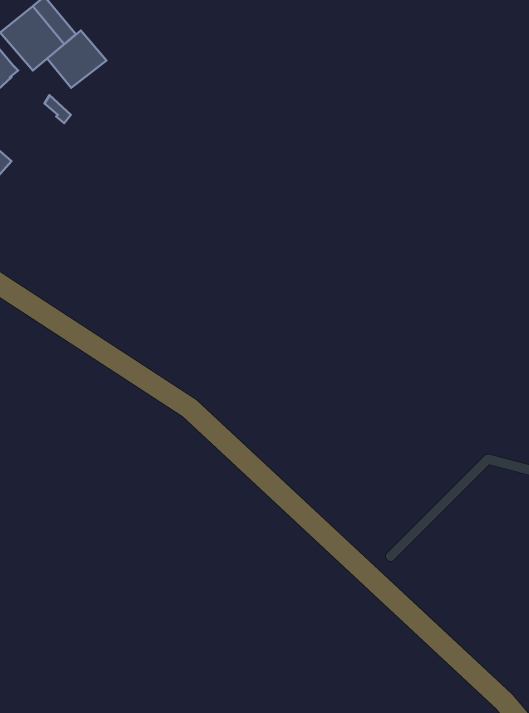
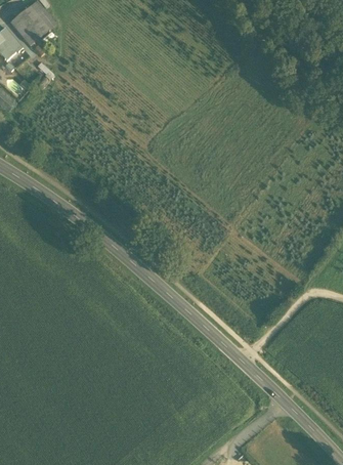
building: [47,31,106,88] -> none

